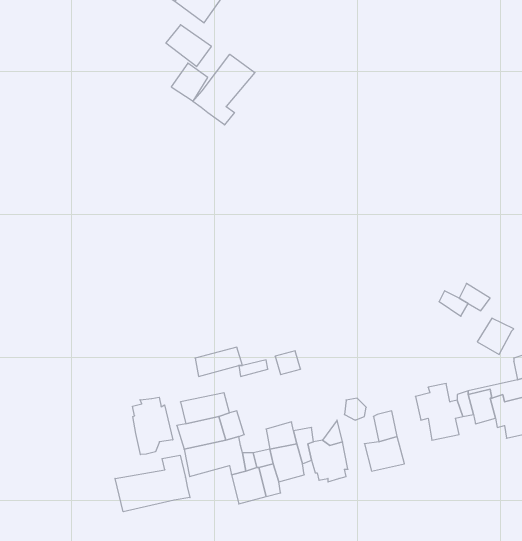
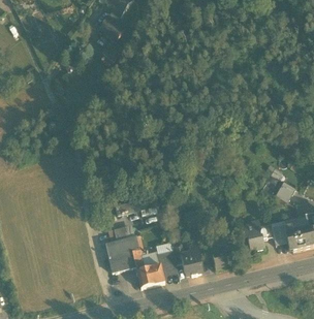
building: [193,54,255,125] -> none
building: [133,397,173,455] -> none
building: [115,455,190,512] -> none

